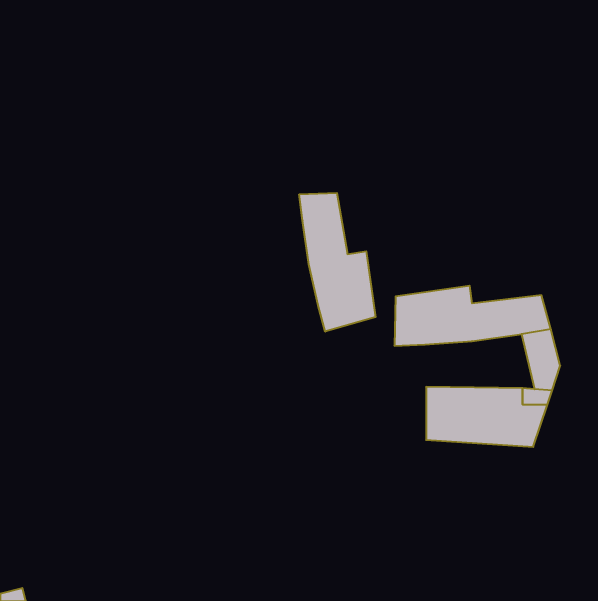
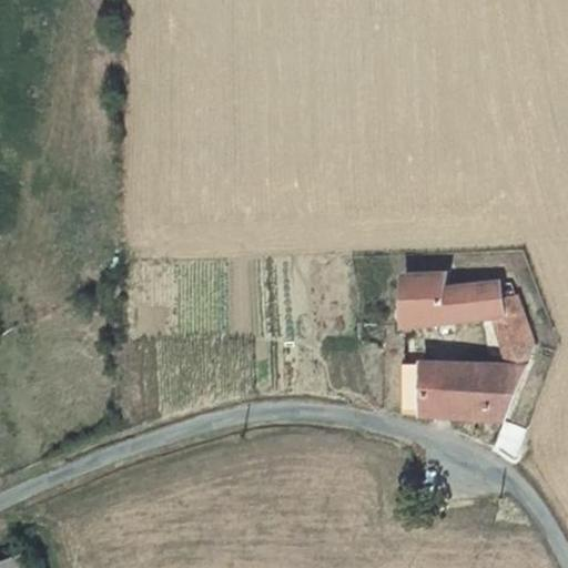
building: [299,193,376,332] -> none

